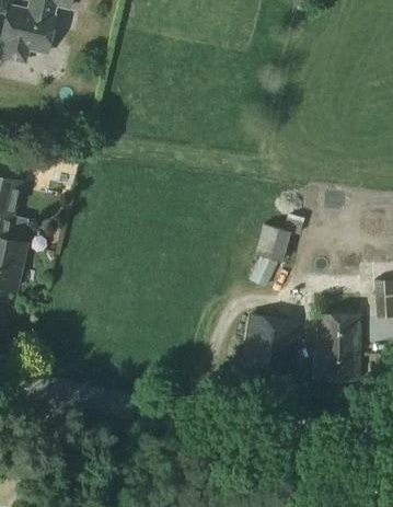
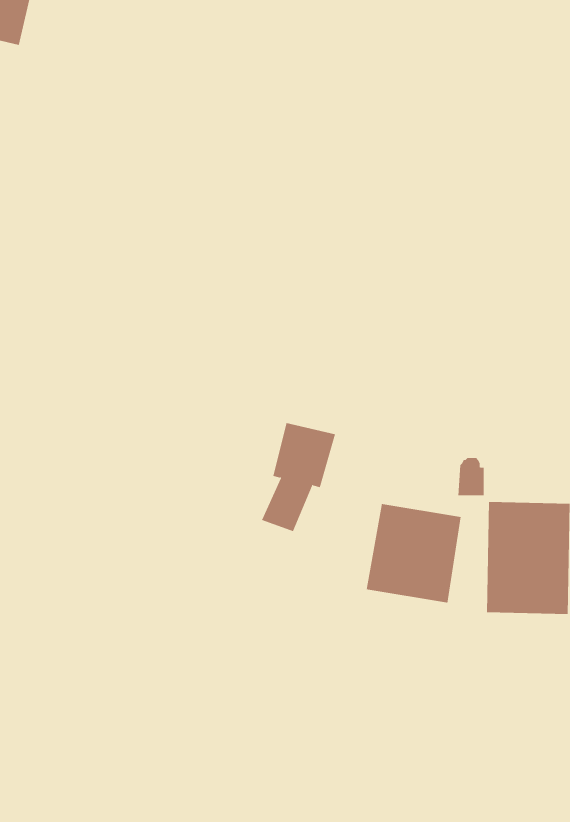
building: [247,223,290,286] -> [261,423,336,532]

